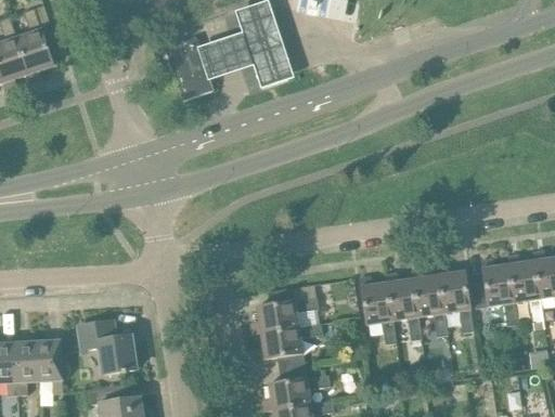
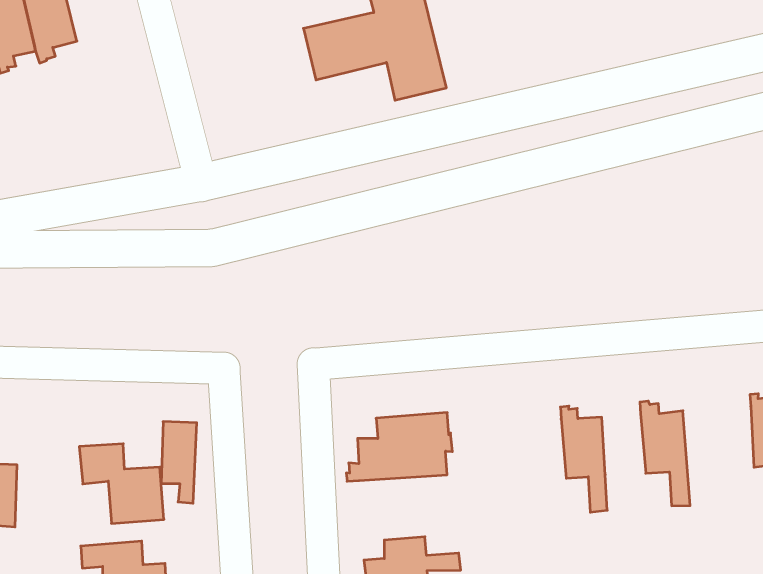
building: [165,37,214,100] -> none
building: [472,259,517,326] -> none
building: [411,270,449,336] -> none
building: [360,277,397,343] -> none
building: [256,324,323,369] -> none
building: [39,340,63,392] -> [161,422,197,503]

